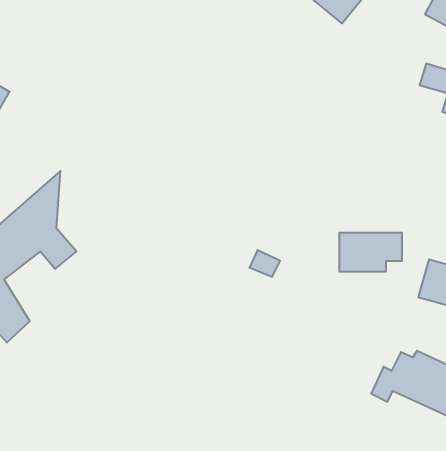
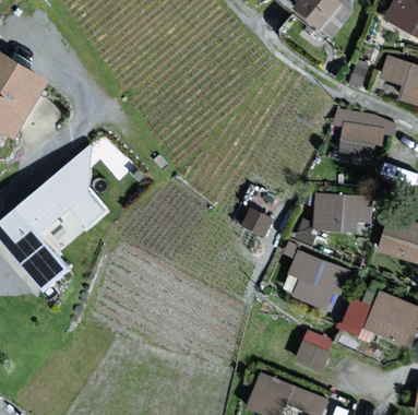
building: none -> [335,115,394,156]
building: none -> [288,252,346,307]
building: none -> [289,324,330,368]

